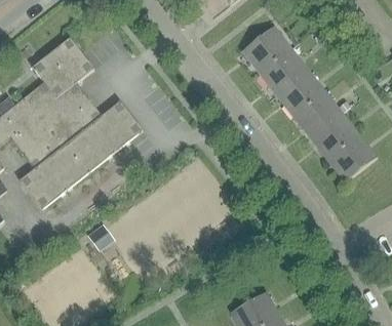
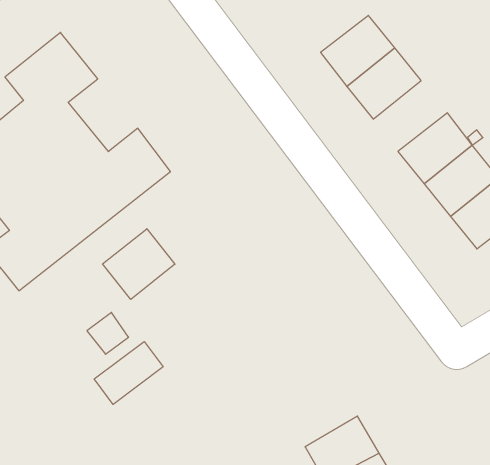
building: [276,69,325,116] -> none
building: none -> [103,229,175,299]
building: none -> [94,342,163,404]

